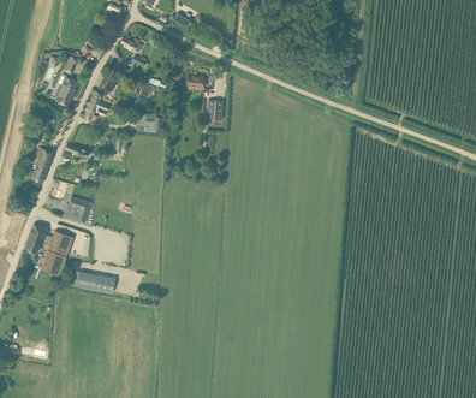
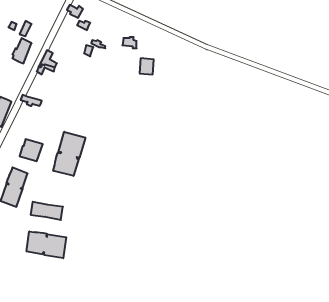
building: none -> [53,132,85,176]
building: none -> [27,231,66,258]

